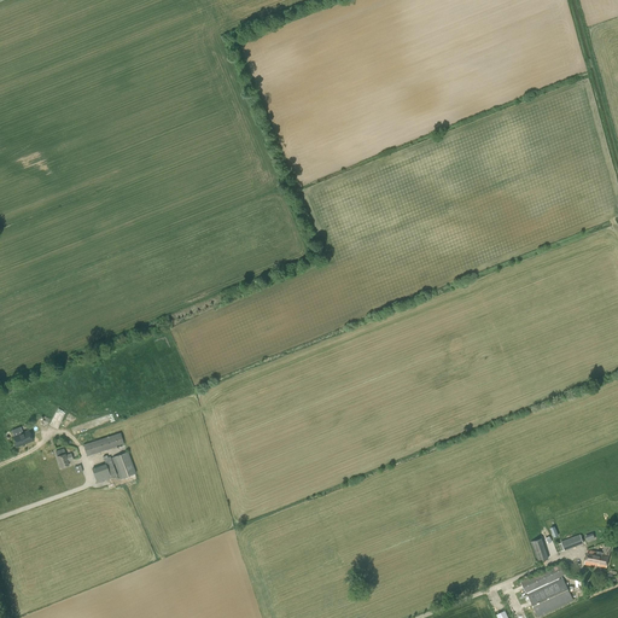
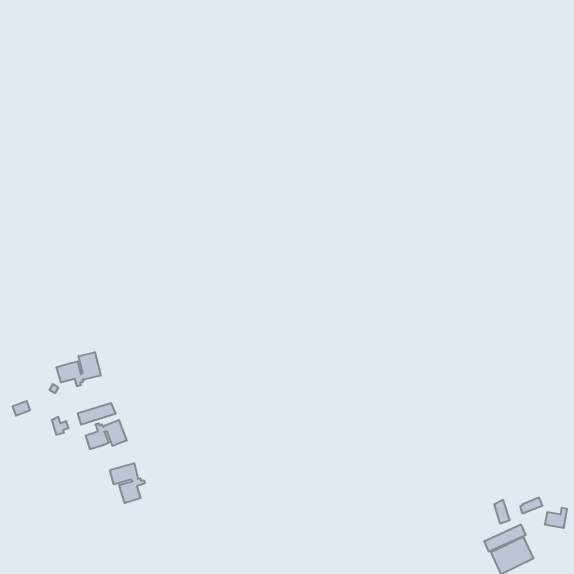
building: none -> [56,352,101,386]
building: none -> [110,463,145,503]

